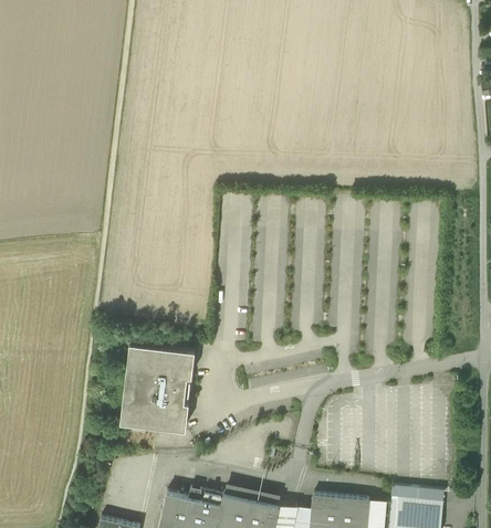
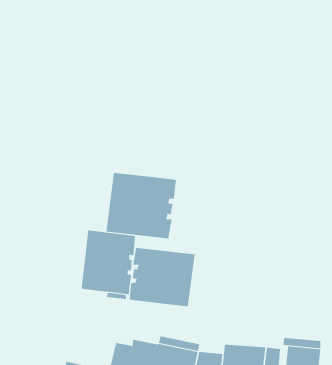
building: none -> [106,172,176,240]
building: none -> [129,247,195,307]

